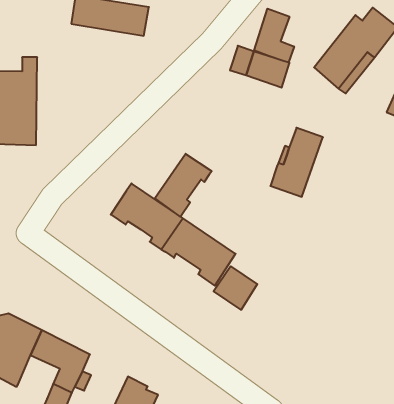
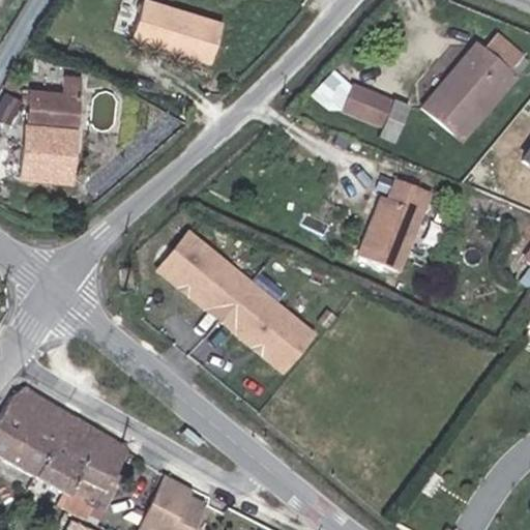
building: [254,9,294,63] -> none
building: [155,154,212,217] -> none
building: [214,266,257,310] -> none
building: none -> [35,442,88,497]

